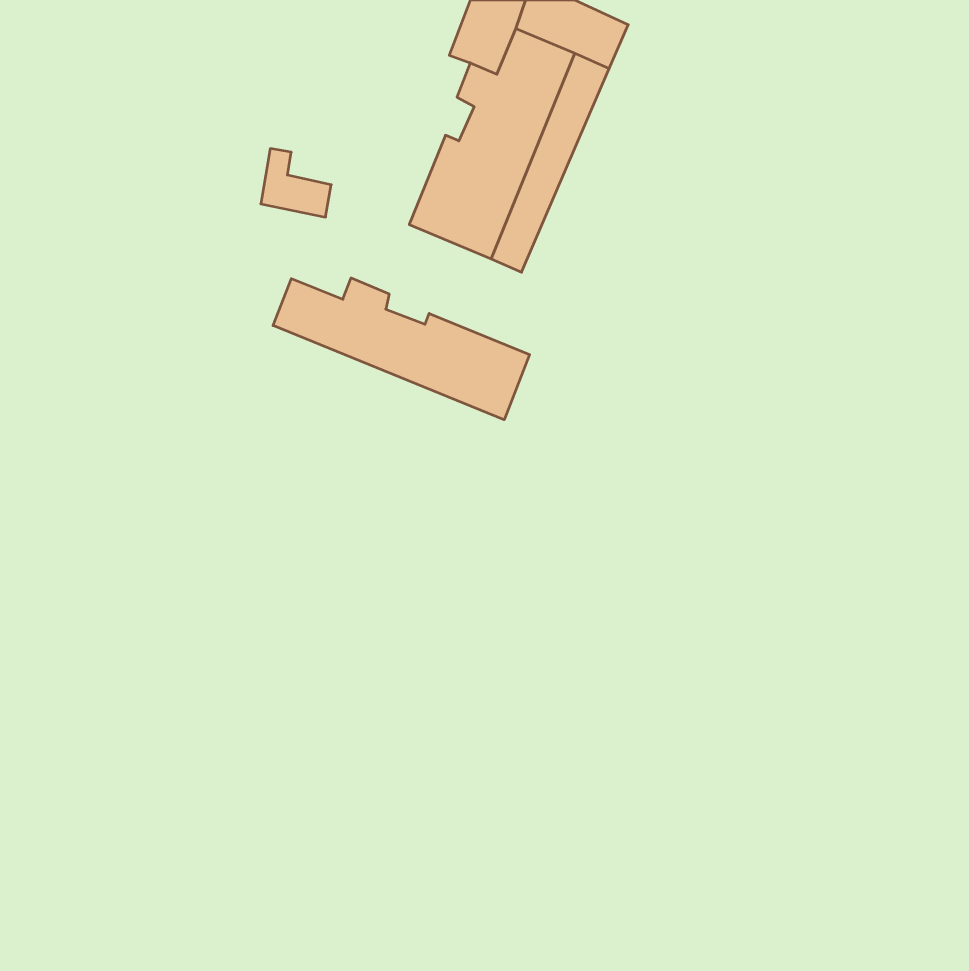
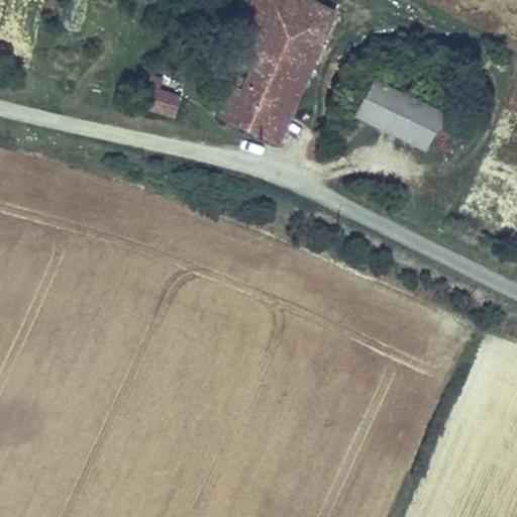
building: none -> [358,75,446,143]
building: [273,278,530,420] -> none

